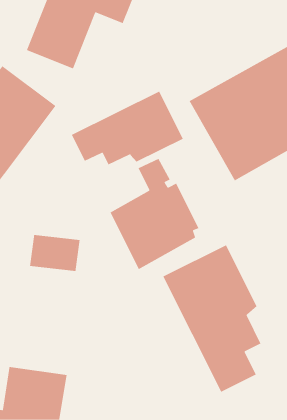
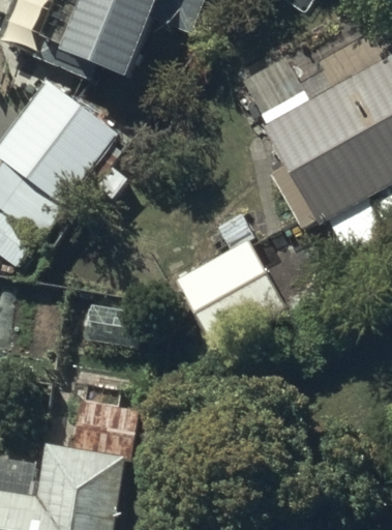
building: [71,90,184,166] -> none
building: [162,244,261,393] -> none

